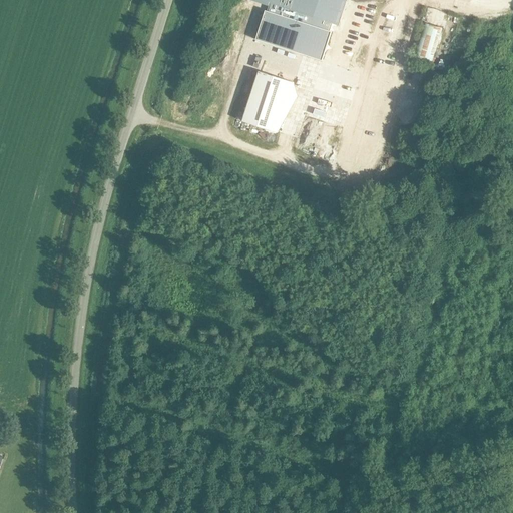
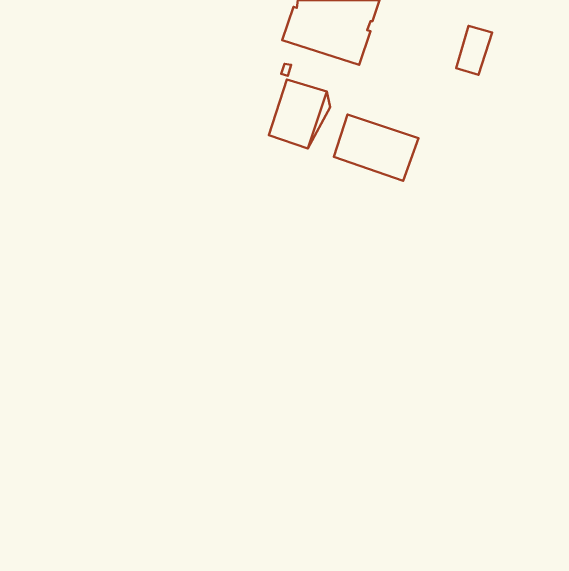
building: none -> [334,114,419,181]

